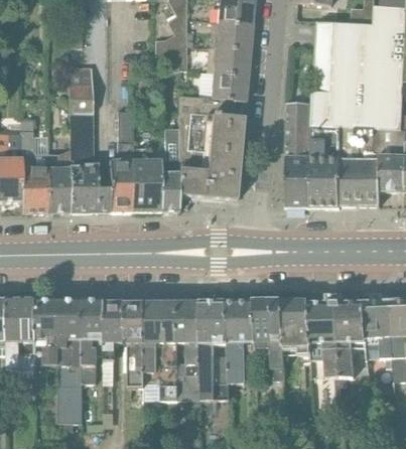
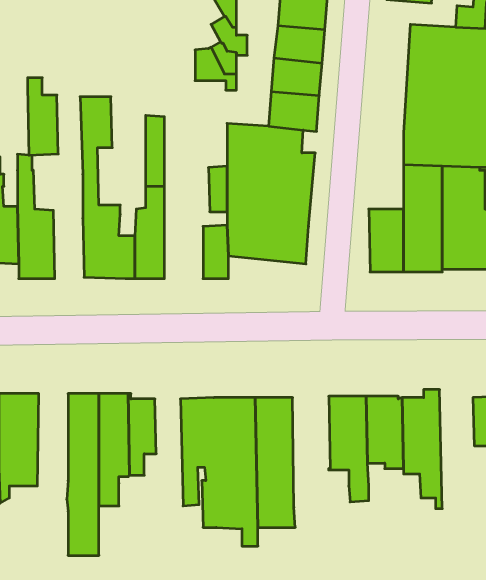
building: [286,100,312,158] -> none
building: [132,147,161,210] -> none
building: [48,152,72,210] -> [28,78,58,155]
building: [340,293,367,384] -> none
building: [36,297,59,382] -> none
building: [229,299,257,383] -> none
building: [125,301,146,386] -> none

